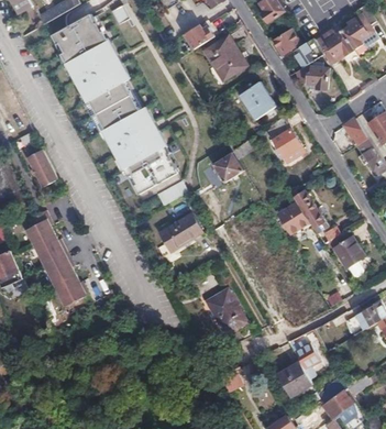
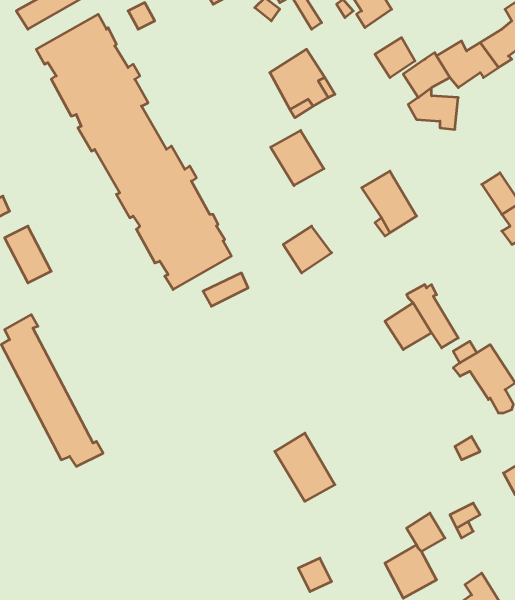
building: [183,23,212,52] -> none
building: [239,84,274,120] -> [271,130,324,186]
building: [158,212,200,249] -> none

